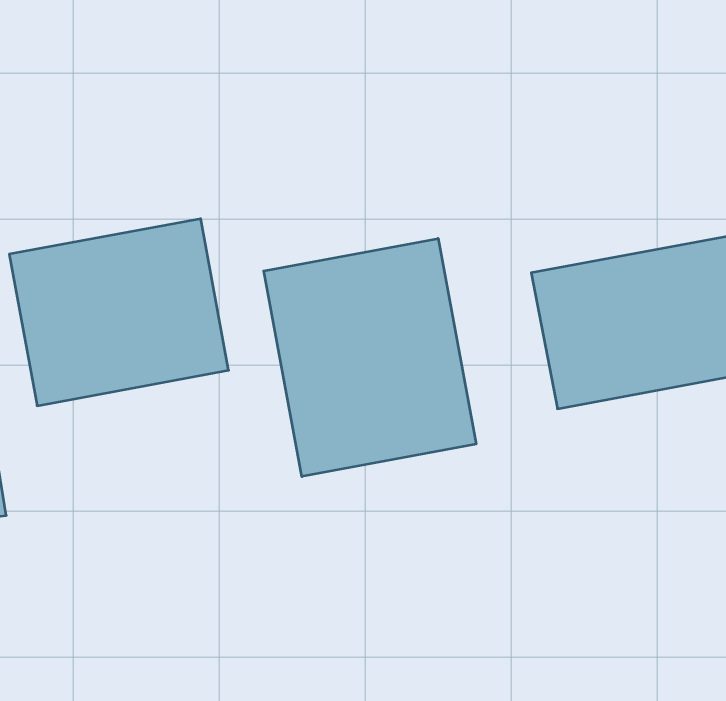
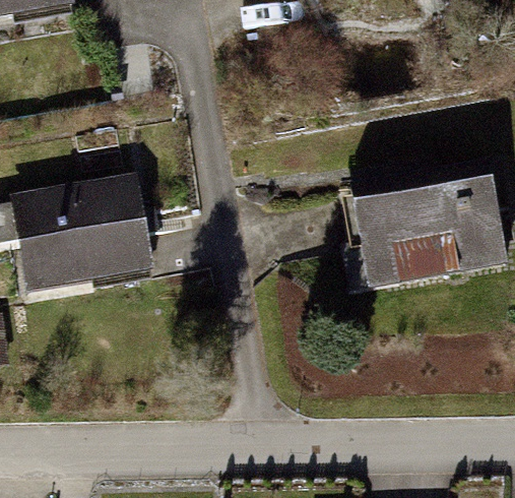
building: [264,238,476,477] -> none

